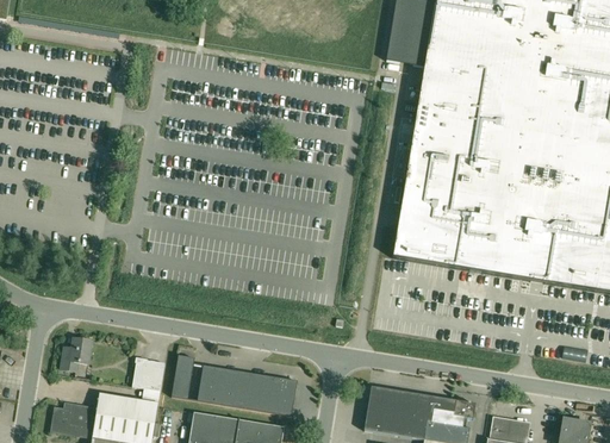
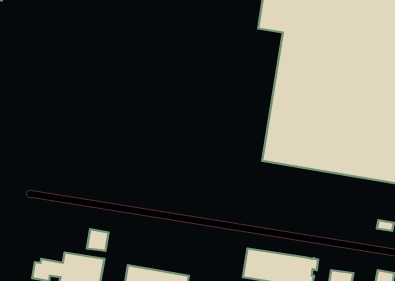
building: [61,337,92,370] -> none
building: [172,354,194,398] -> none
building: [198,364,297,414] -> none

